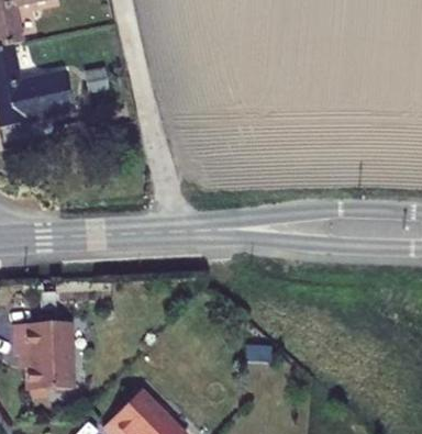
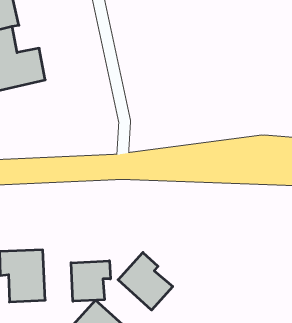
building: none -> [118,252,173,310]
building: none -> [71,261,110,301]

